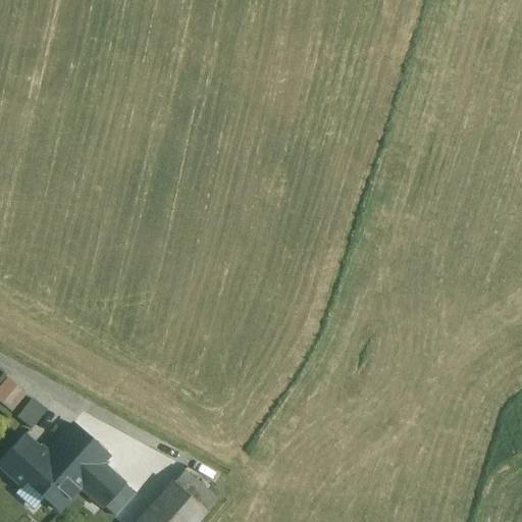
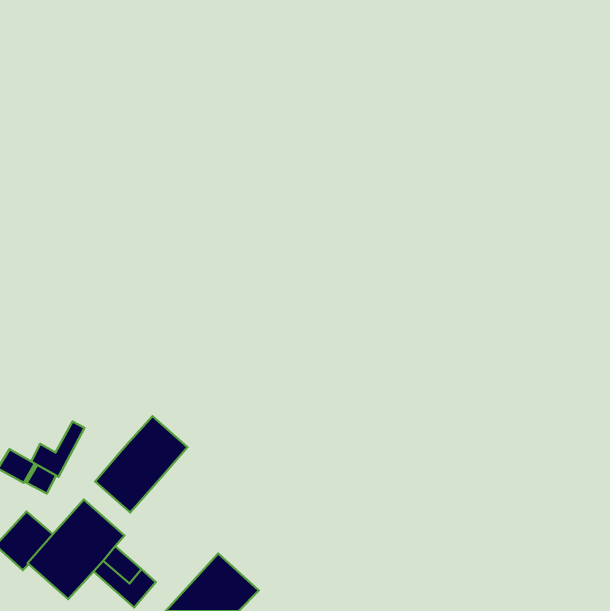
building: none -> [95,416,188,512]
building: none -> [31,421,85,477]

